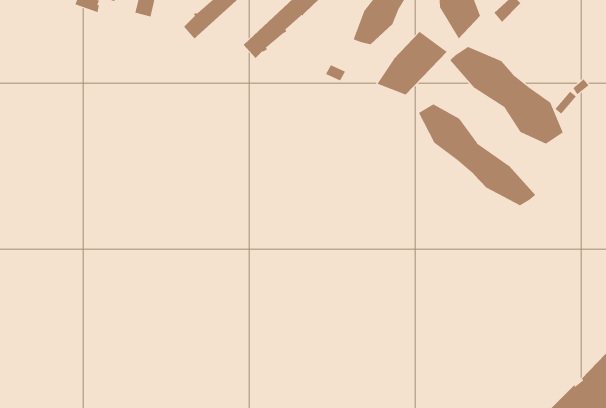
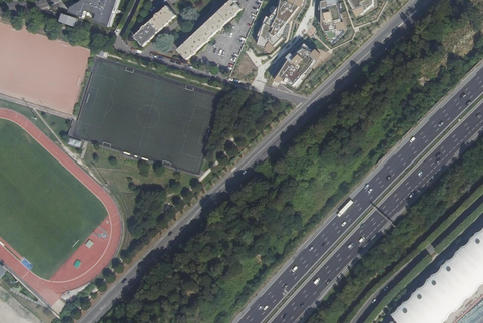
building: [449,46,563,145] -> none
building: [418,104,536,206] -> none

